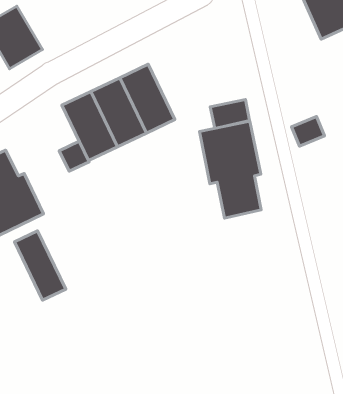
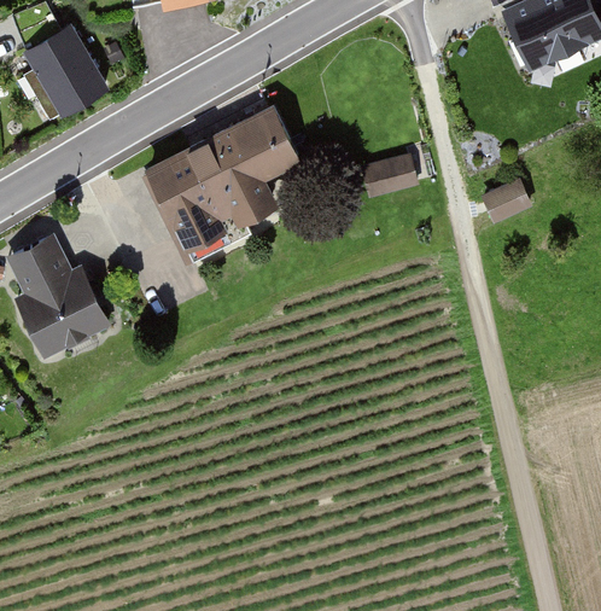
building: [199,121,261,218] -> none
building: [59,141,89,171] -> none
building: [14,231,66,300] -> none

